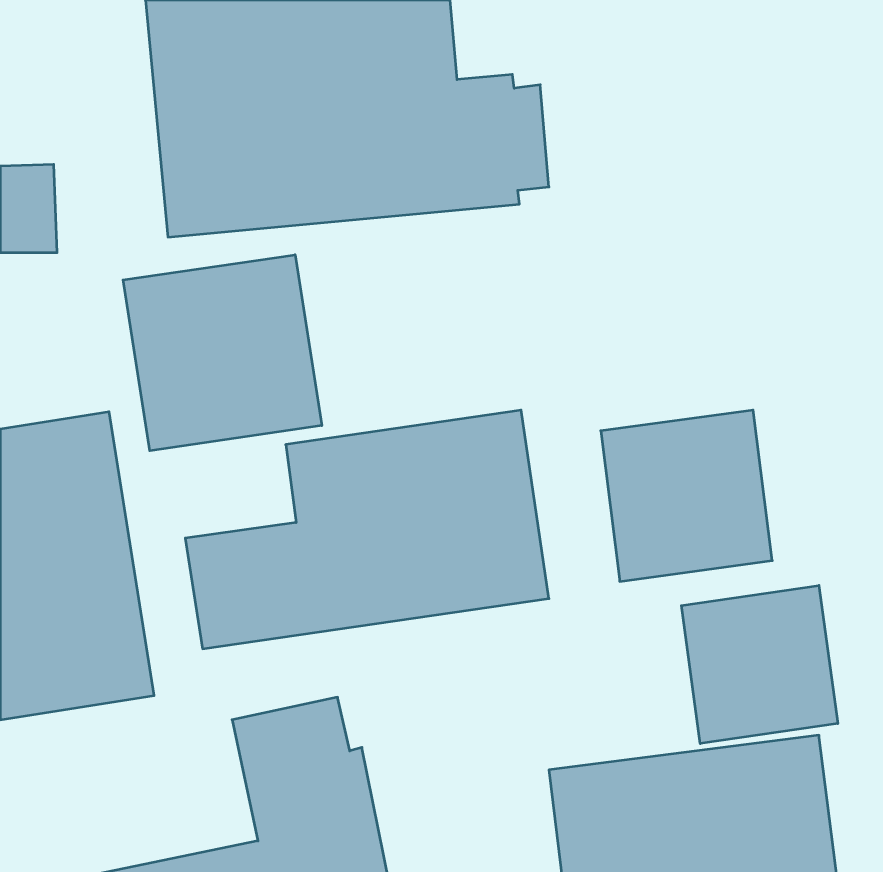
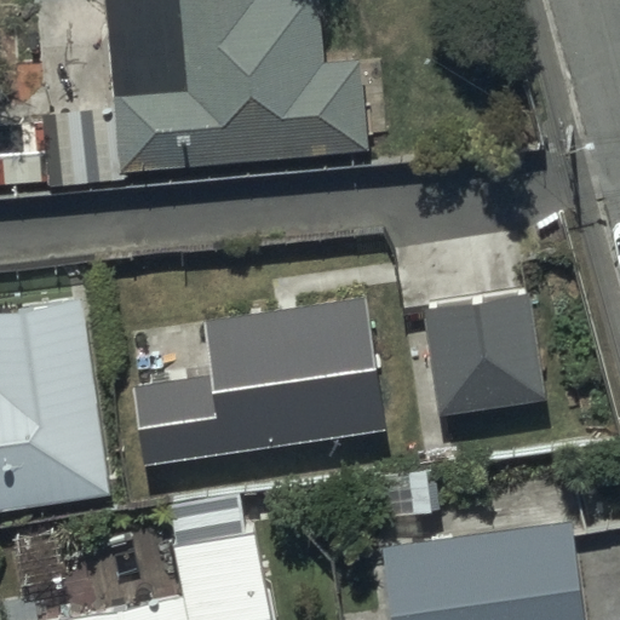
building: [123,255,322,451] -> none
building: [681,585,838,744] -> none

